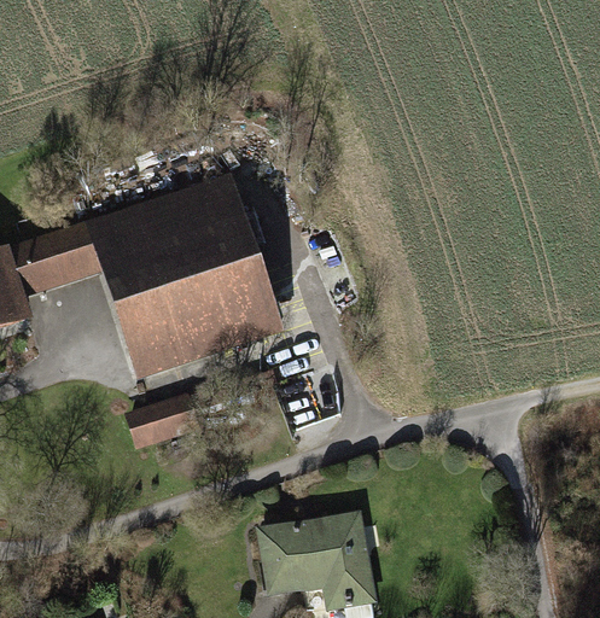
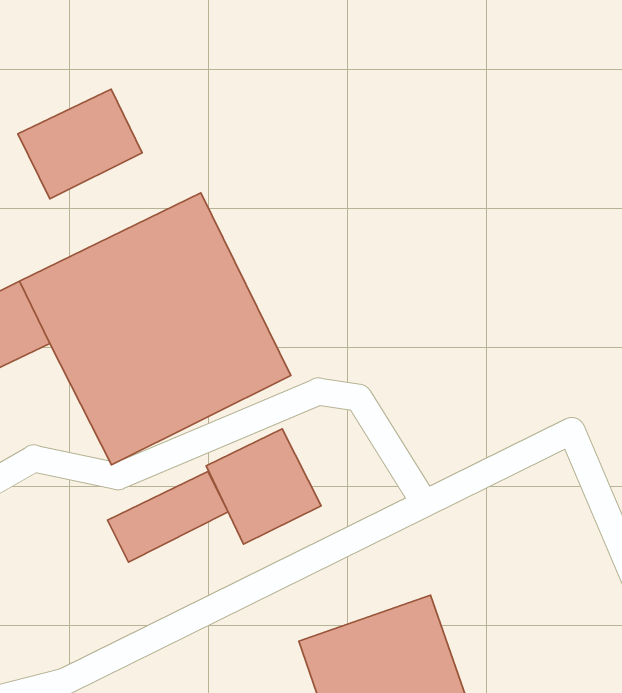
building: none -> [18,89,142,199]
building: none -> [206,429,321,544]

